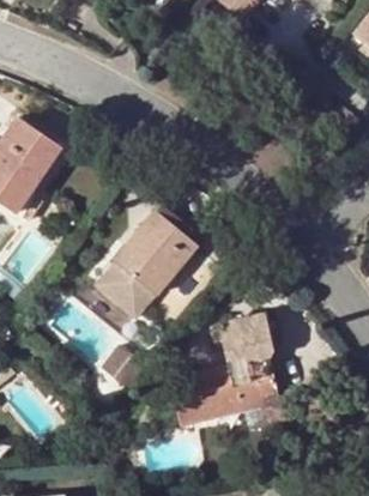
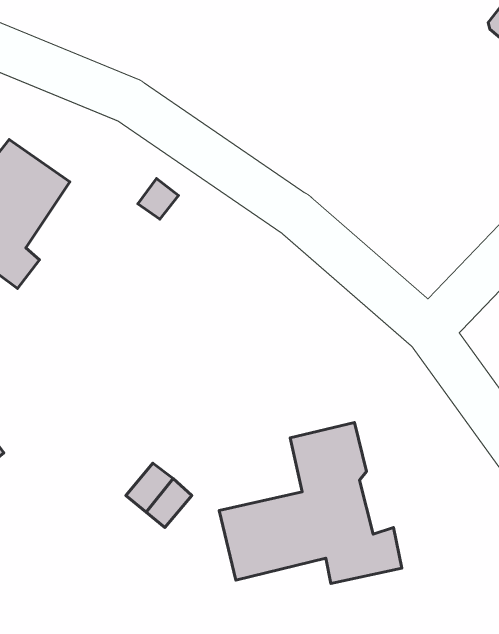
building: [93,202,206,321] -> none

